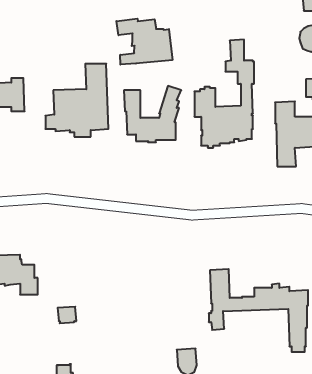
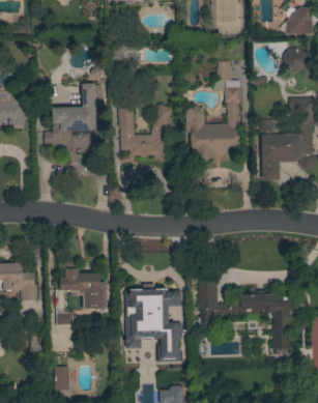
building: [116,19,172,65] -> none
building: none -> [59,262,107,309]
building: none -> [123,276,183,361]

